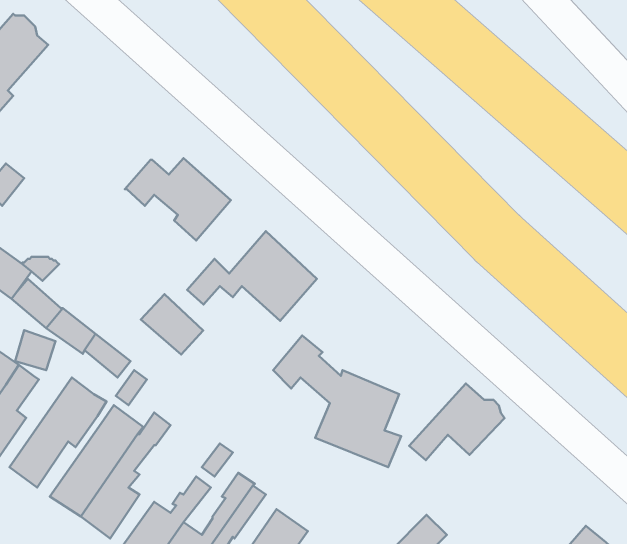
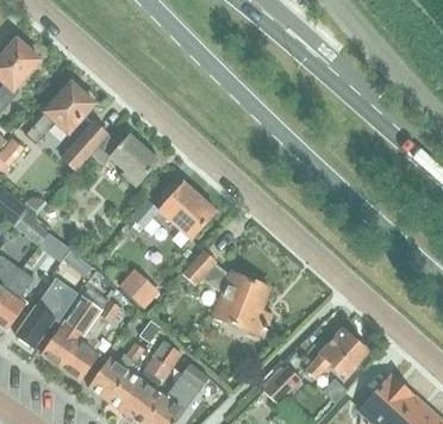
building: none -> [24,82,93,143]
building: none -> [61,121,106,169]
building: [141,294,203,354] -> [118,267,158,306]
building: [409,384,504,460] -> [305,329,367,379]

